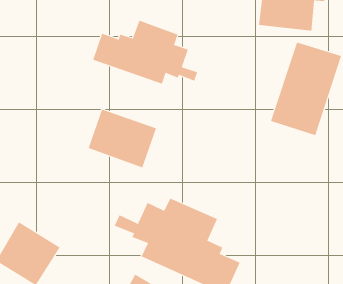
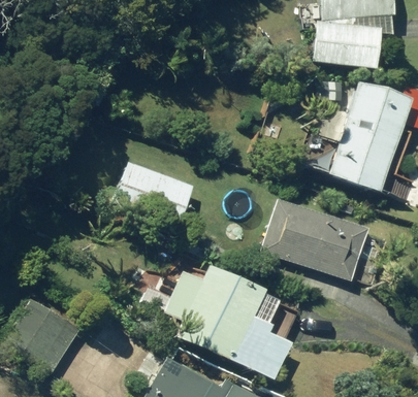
building: [93,20,198,84] -> none
building: none -> [260,197,369,279]

